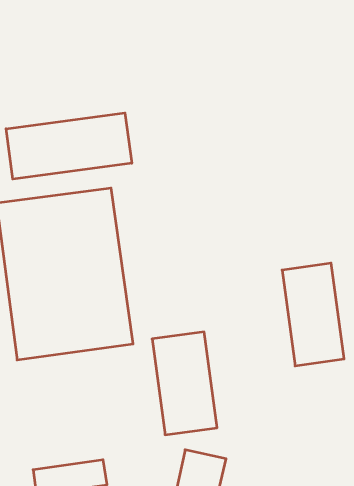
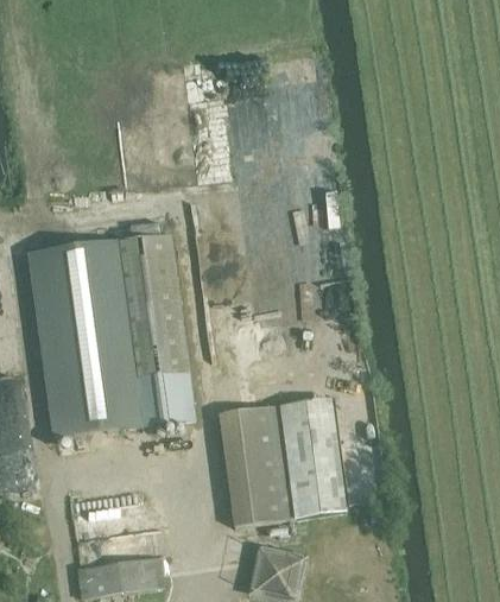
building: [6,113,132,179] -> none
building: [282,263,344,366] -> [279,395,353,518]

